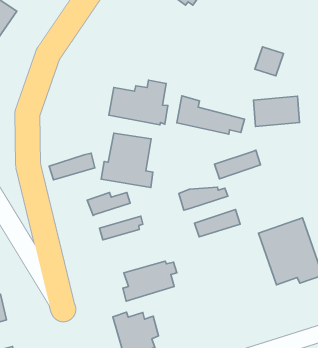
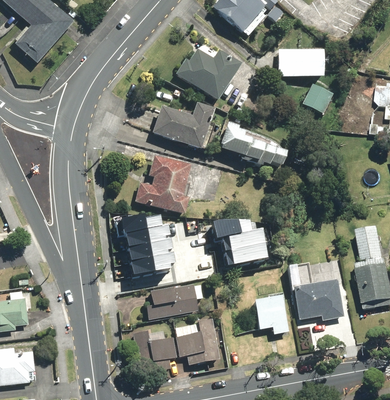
building: none -> [175,43,240,101]
building: [253,96,300,126] -> [277,50,322,77]
building: [215,150,260,179] -> [221,226,266,250]
building: [49,153,95,180] -> [127,222,172,244]
building: none -> [132,249,176,275]
building: none -> [252,296,288,335]
building: none -> [173,320,219,365]

